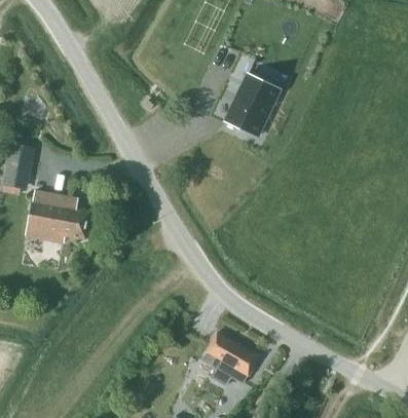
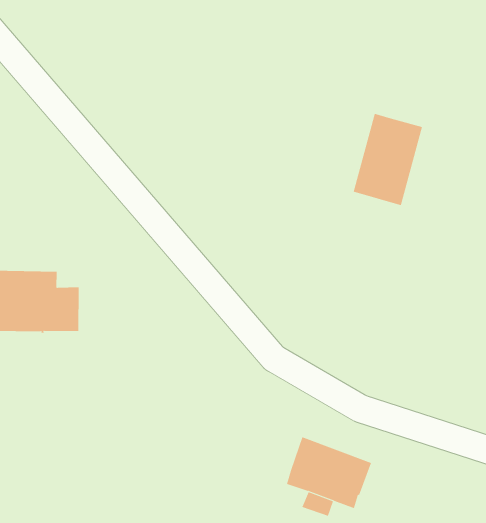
building: [226,73,279,136] -> [353,113,423,206]

